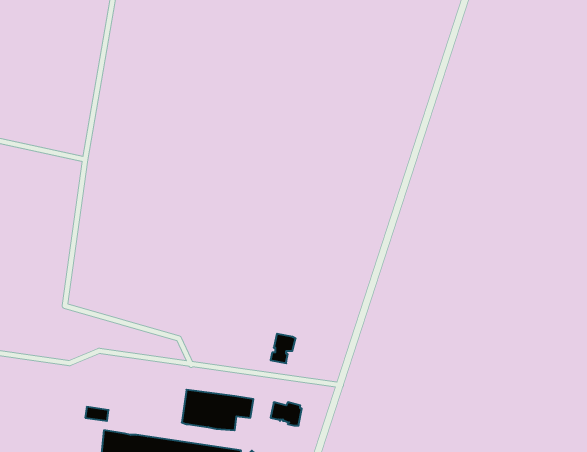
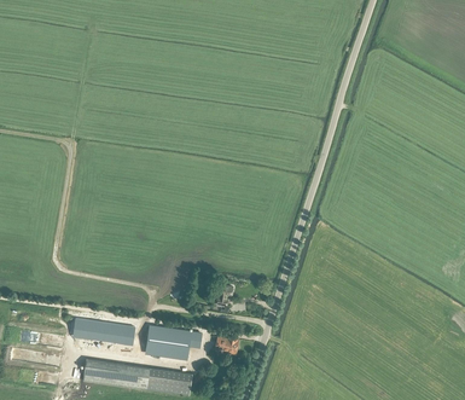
building: none -> [71,317,134,344]

